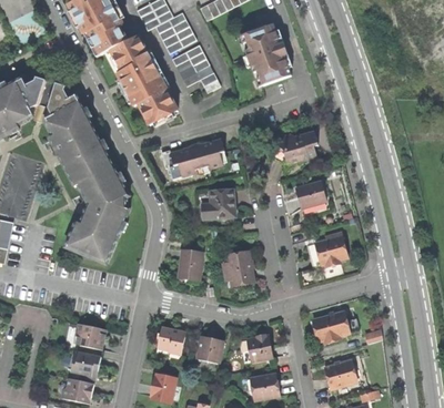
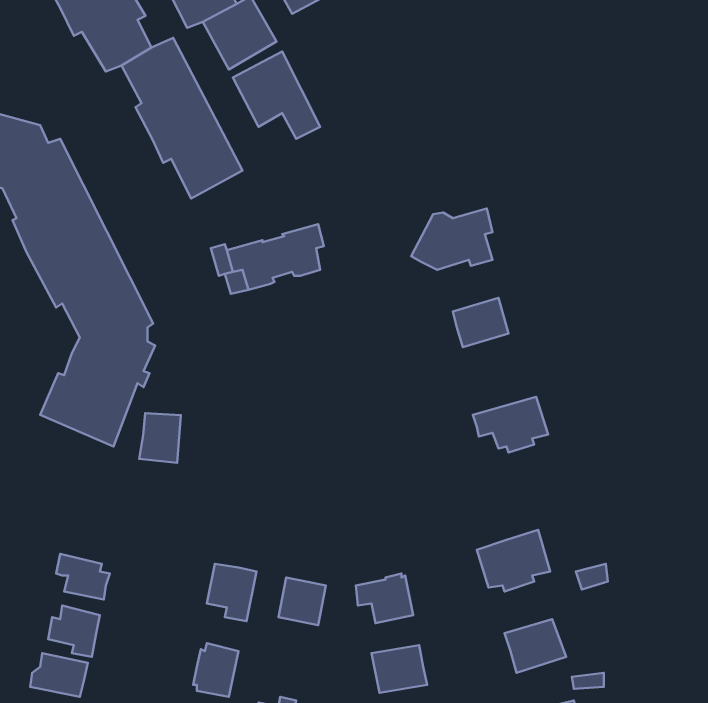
building: [243,23,290,85] -> none
building: [201,187,235,217] -> none
building: [178,249,201,277] -> [139,413,181,463]
building: [221,249,254,288] -> none

